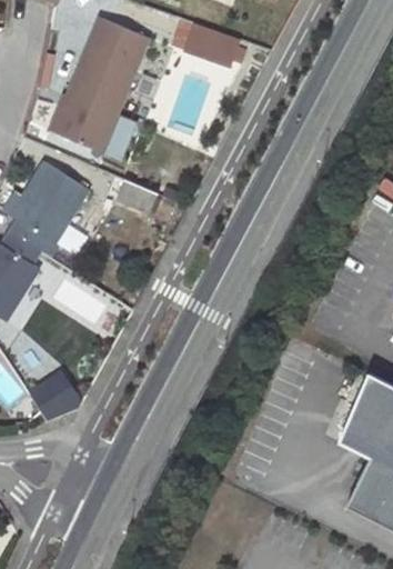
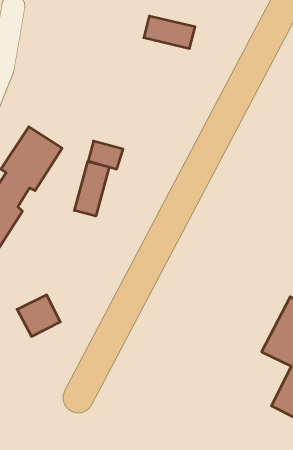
building: [52,19,148,152] -> none
building: none -> [74,162,109,216]

